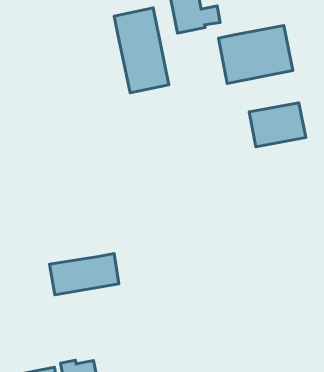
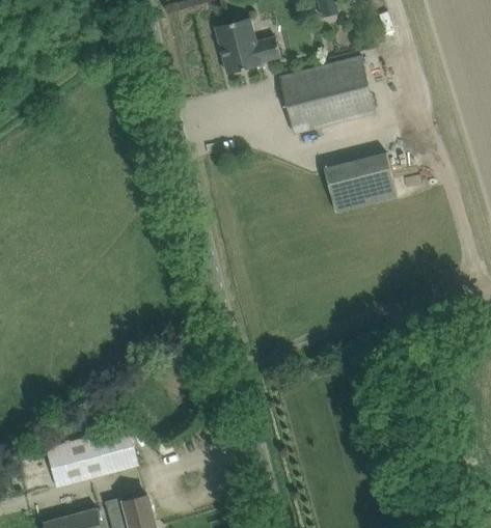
building: [114,8,169,93] -> none
building: [49,253,119,295] -> [48,426,137,483]

